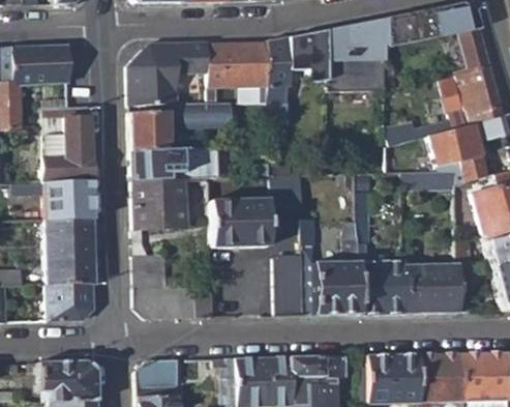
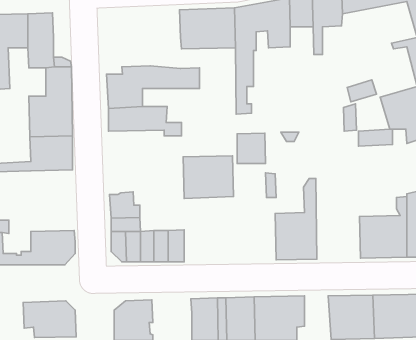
building: [128,41,210,104] -> none
building: [131,179,187,230] -> none
building: [358,192,407,314] -> none
building: [47,216,94,284] -> none
building: [274,256,305,316] -> none

